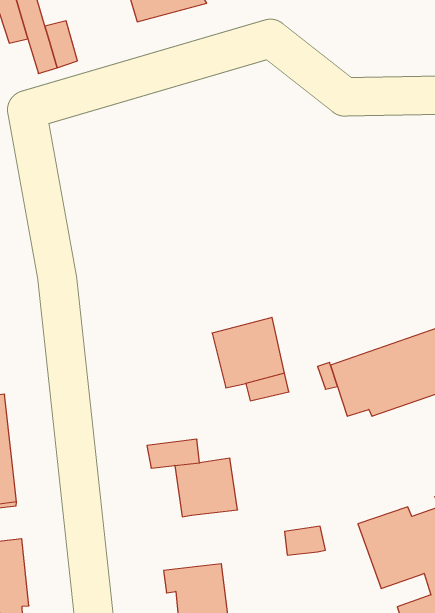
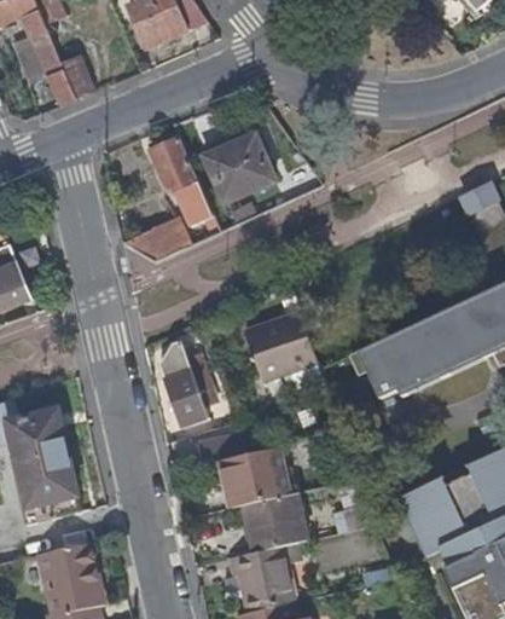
building: none -> [121,139,219,262]
building: none -> [203,134,273,203]
building: none -> [158,340,214,426]
building: none -> [244,493,306,551]

